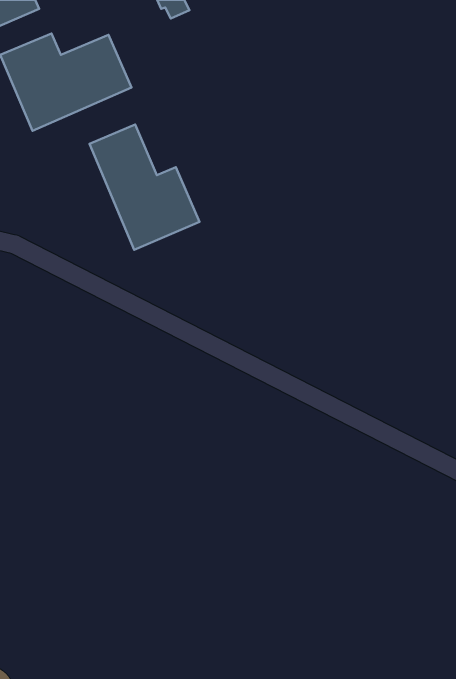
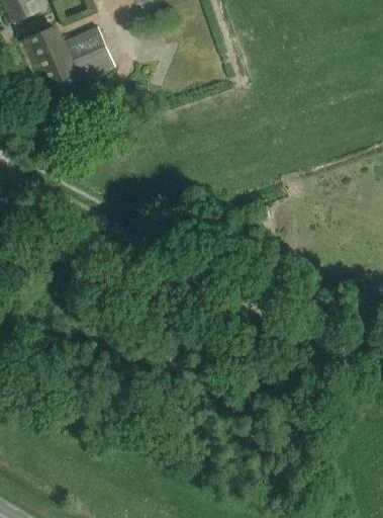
building: [89,125,199,250] -> none

